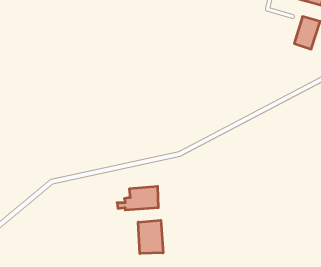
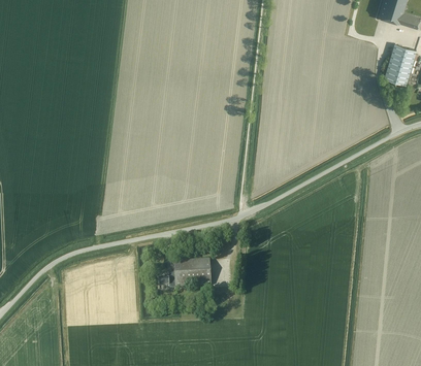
building: [138,220,163,254] -> none

